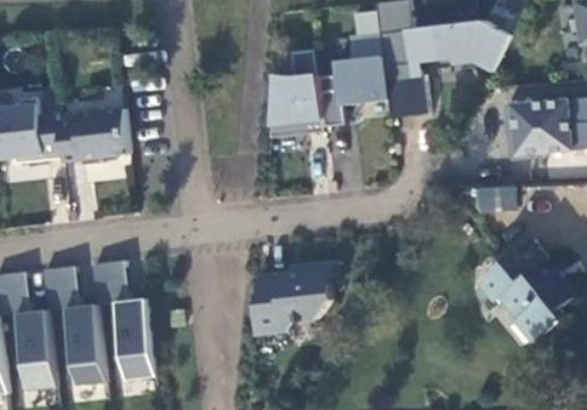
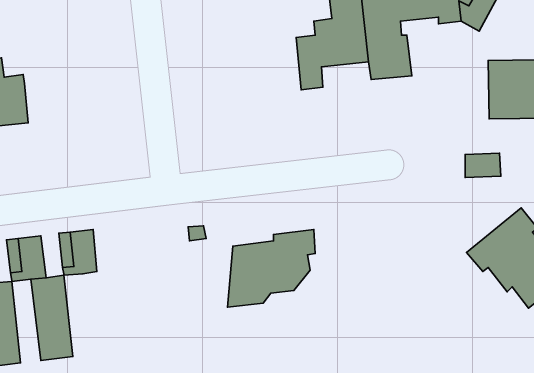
building: [269,47,324,136] -> none
building: [58,107,129,164] -> none
building: [114,297,154,378] -> none

